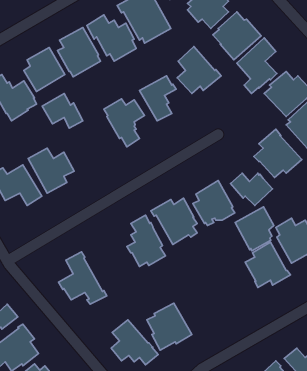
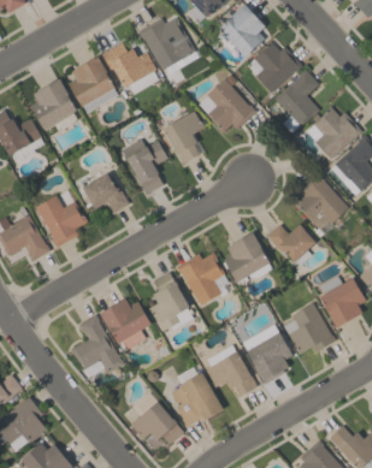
building: [42,94,83,128] -> [82,173,129,213]
building: [235,207,274,251] -> [247,333,291,384]
building: none -> [101,298,152,349]
building: none -> [206,351,256,396]

